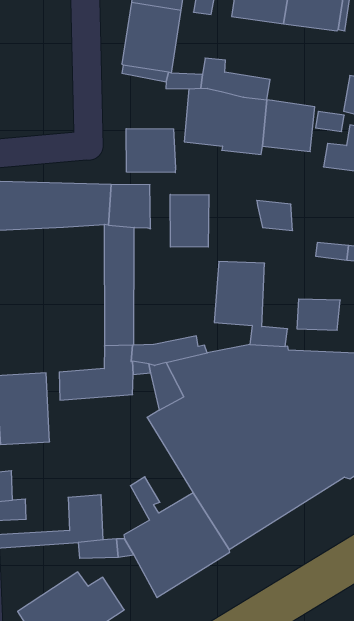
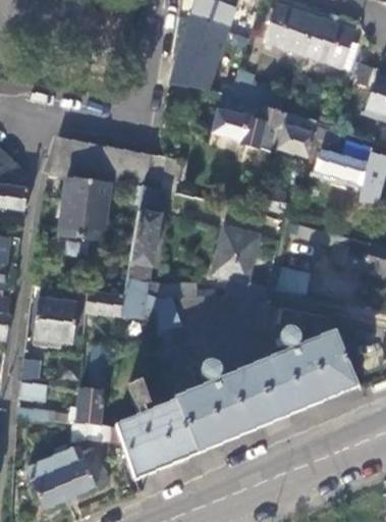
building: [126,129,175,173] -> none
building: [170,194,209,247] -> none
building: none -> [60,178,110,242]

